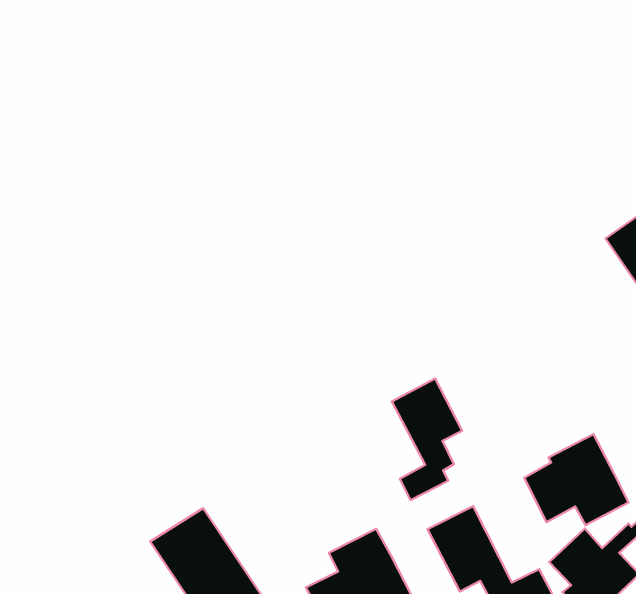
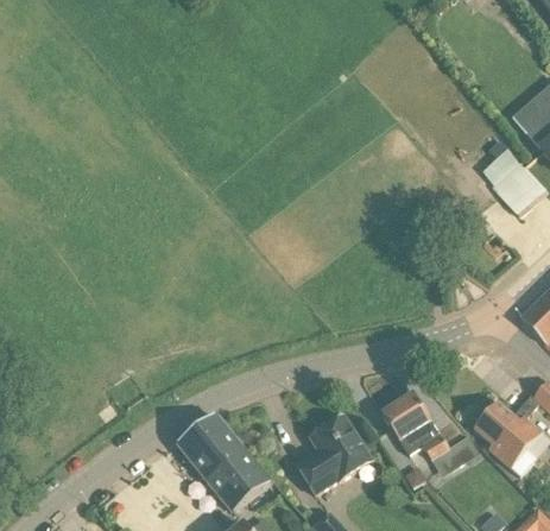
building: [392,379,462,500] -> none
building: [524,434,628,525] -> none

